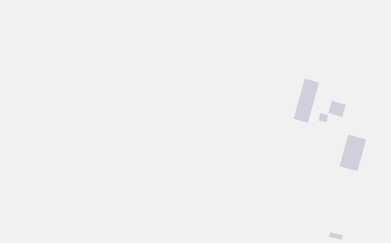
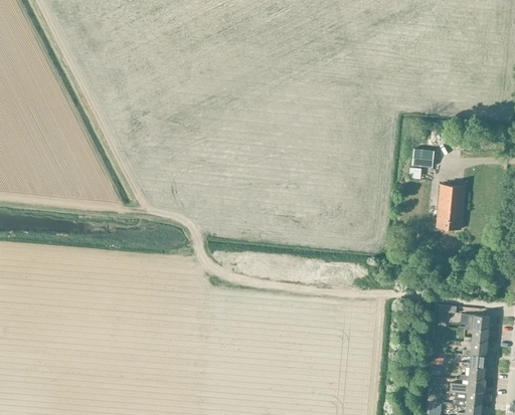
building: [293,77,320,124] -> none

